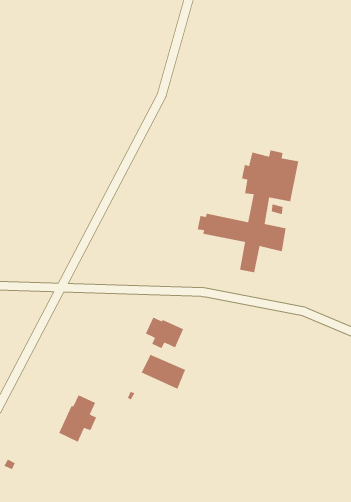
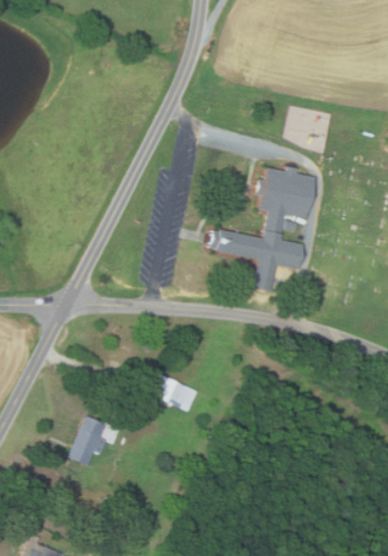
building: [145,316,184,349] -> none

